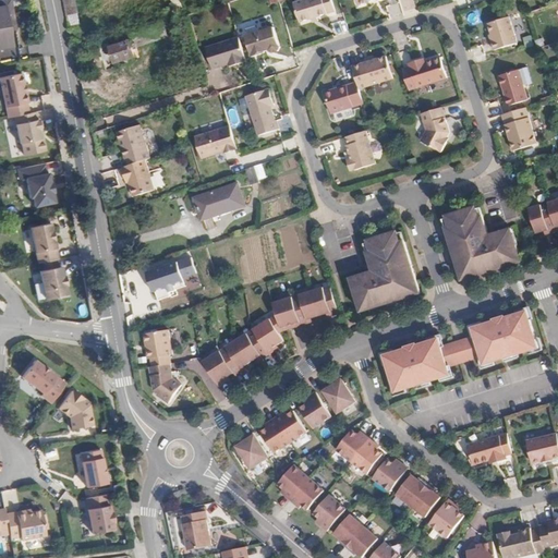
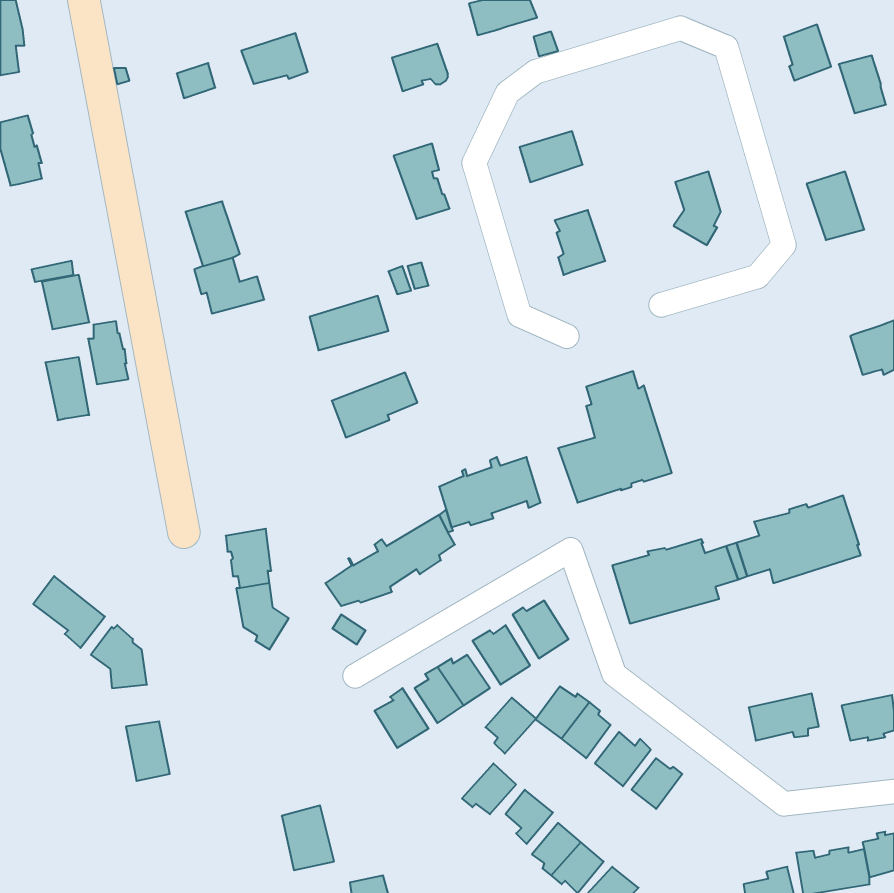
building: [205,38,246,70] -> [241,33,308,84]
building: [352,56,392,89] -> none
building: [409,59,447,88] -> none
building: [499,70,529,106] -> [839,56,886,113]
building: [12,111,43,155] -> none
building: [193,126,235,159] -> none
building: [445,206,522,280] -> none
building: [148,256,202,296] -> [332,373,417,437]
building: [37,259,62,299] -> [88,321,128,384]
building: [276,463,307,498] -> [485,698,536,754]
building: [409,483,438,517] -> none
building: [85,495,113,533] -> none
building: [426,498,461,537] -> none
building: [4,509,45,539] -> none

